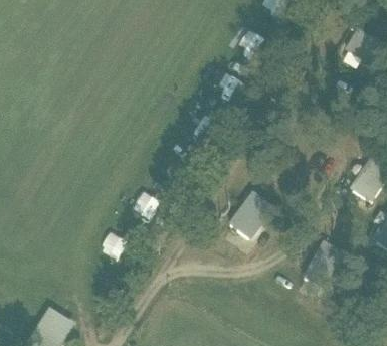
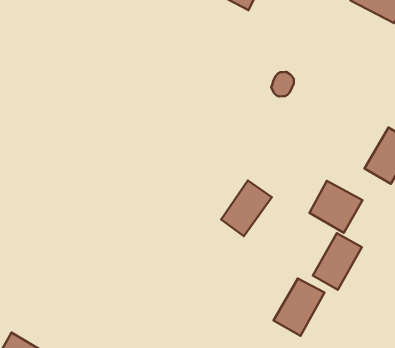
building: none -> [310,181,362,233]
building: none -> [273,278,324,336]

